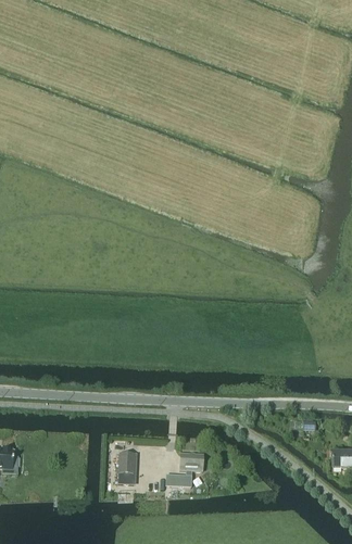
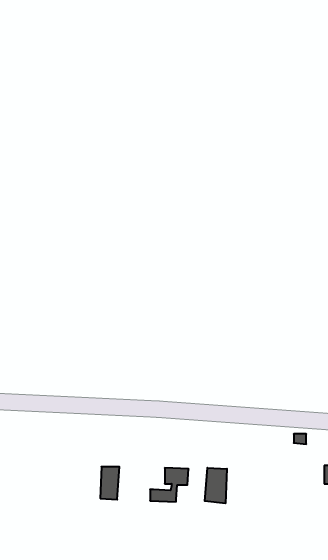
building: none -> [205,468,227,503]

